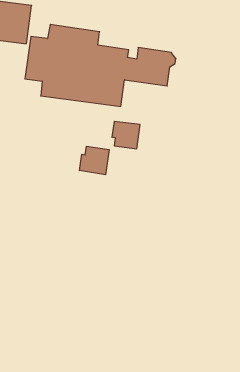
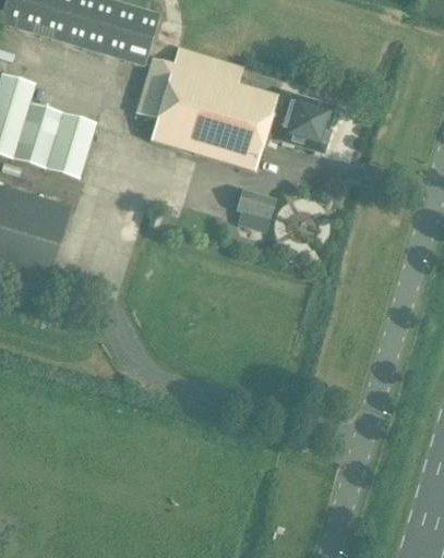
building: [80,146,109,175] -> none

